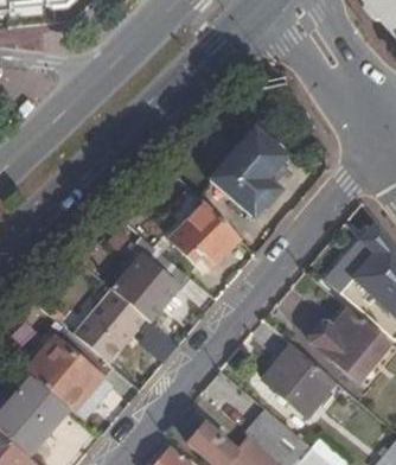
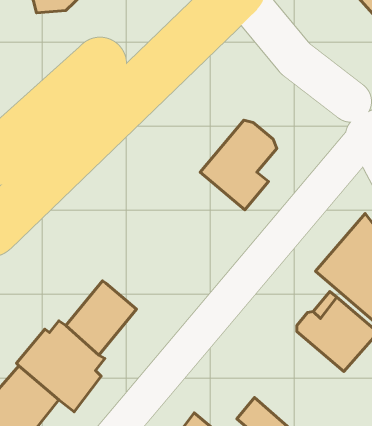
building: [171,206,238,269] -> none
building: [115,237,191,323] -> none
building: [262,344,333,415] -> none

